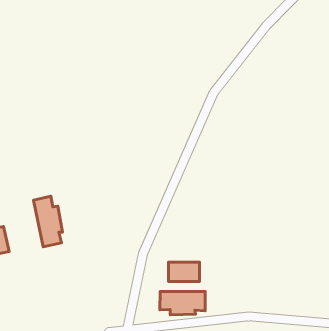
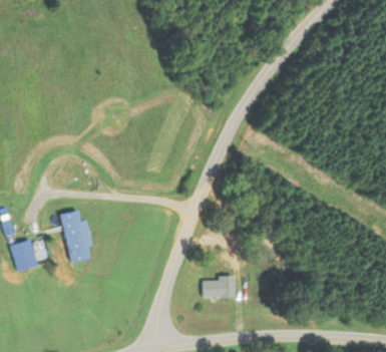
building: [160,291,205,315] -> none

